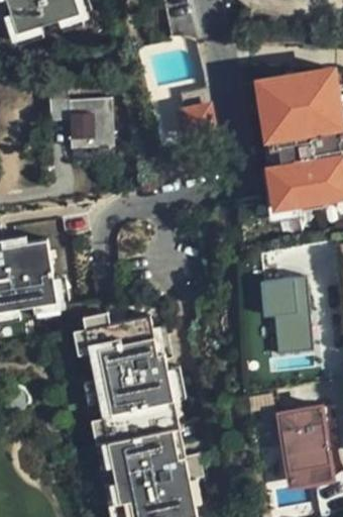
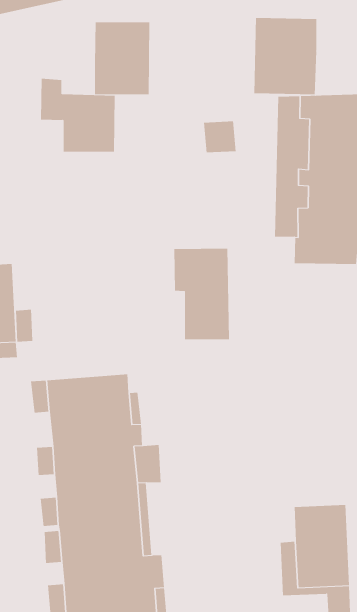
building: none -> [254,17,317,95]
building: none -> [94,21,150,95]
building: [269,271,320,346] -> [174,248,230,340]

